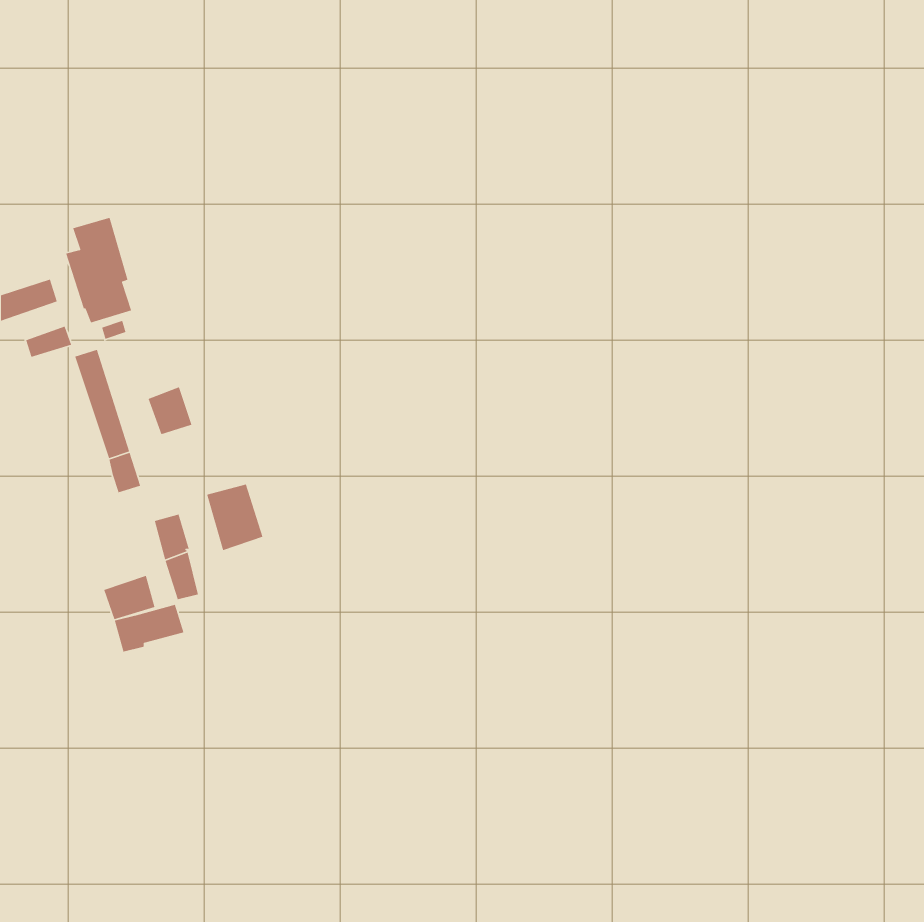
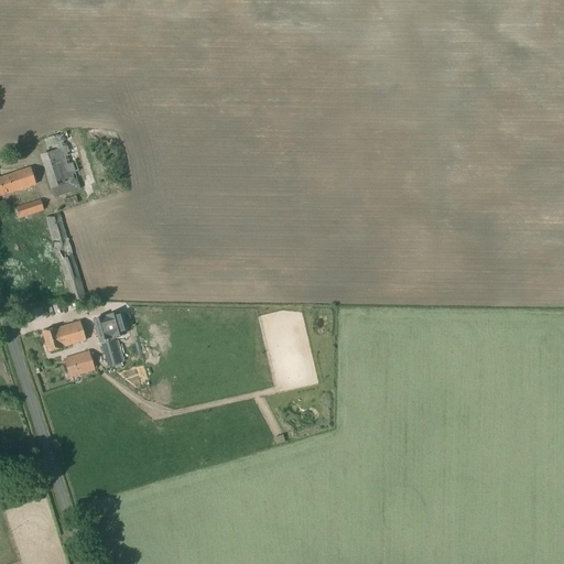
building: [148,386,192,435] -> none
building: [206,483,263,551] -> none
building: [114,604,184,653] -> [43,322,86,351]

